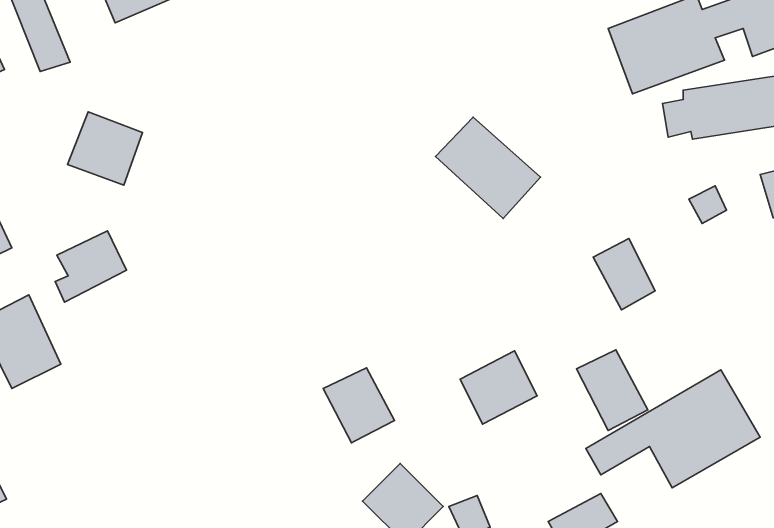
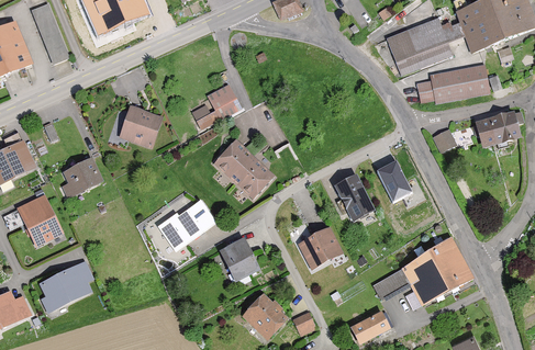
building: none -> [194,83,239,128]
building: [68,112,143,185] -> [118,103,161,146]
building: [436,117,541,218] -> [213,139,275,199]
building: none -> [157,200,215,251]
building: [576,350,648,431] -> [333,174,375,222]
building: none -> [38,259,98,312]

